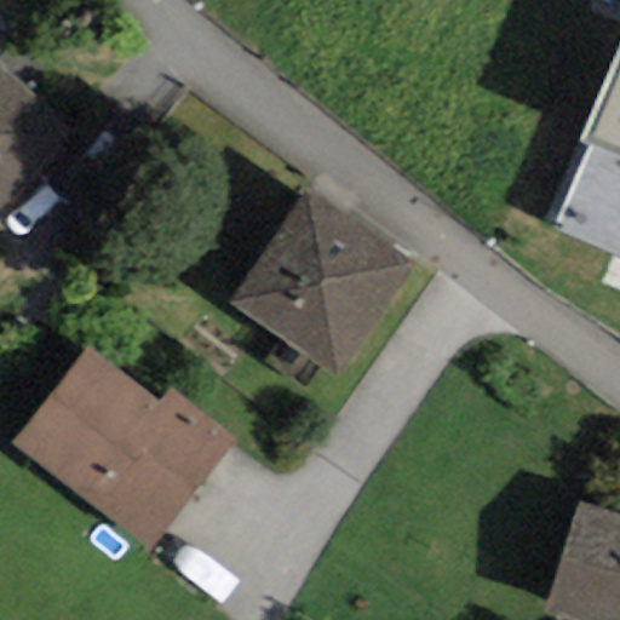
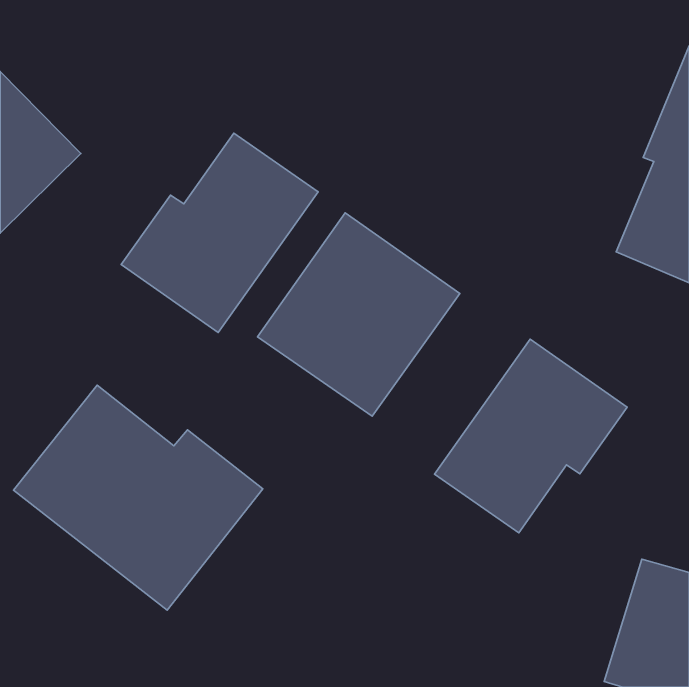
building: none -> [121,133,318,333]
building: none -> [434,339,627,533]

